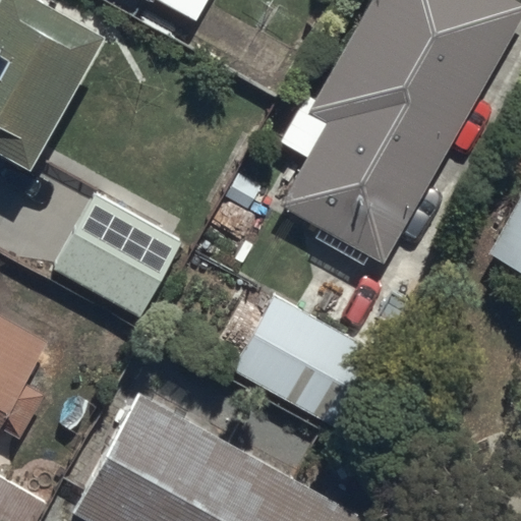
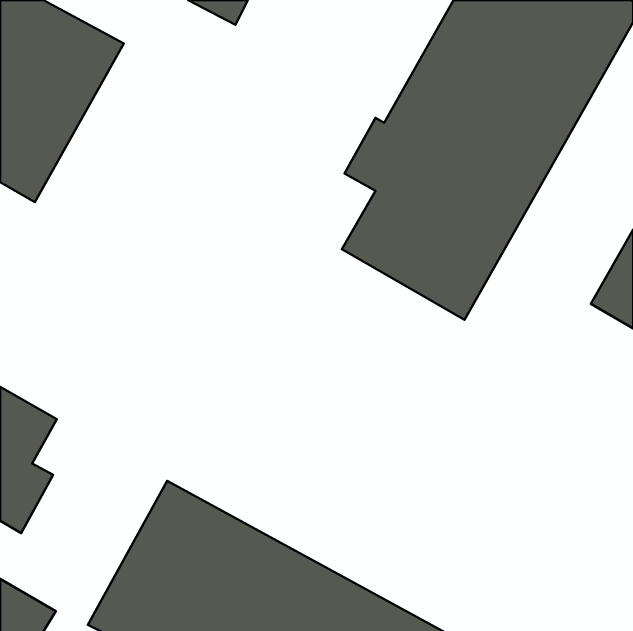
building: [50,194,179,315] -> none
building: [233,299,385,432] -> none

